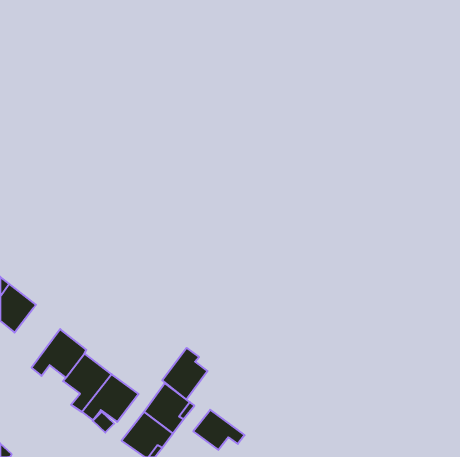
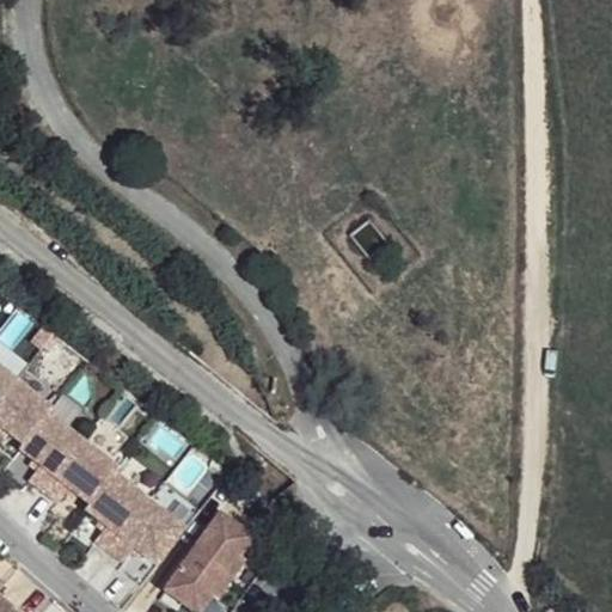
building: none -> [16,409,80,488]
building: [162,348,208,399] -> none
building: [193,410,245,450] -> none

